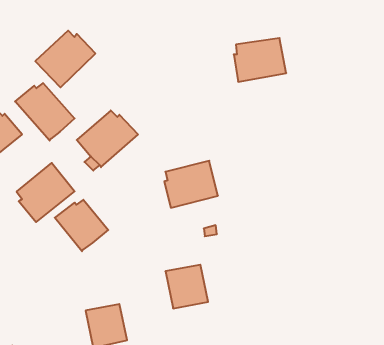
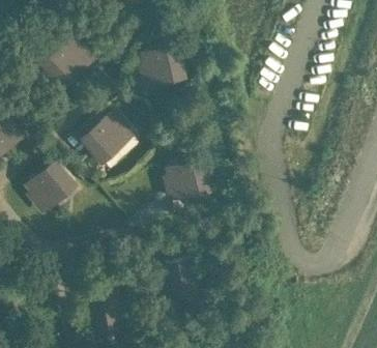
building: [234,38,286,82] -> [139,47,189,88]
building: [15,83,75,141] -> none
building: [55,200,108,251] -> none

